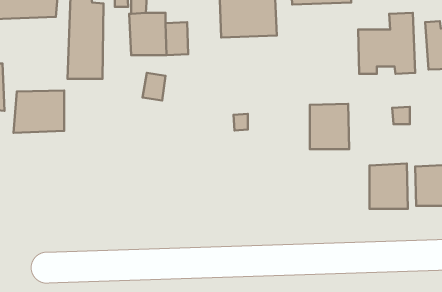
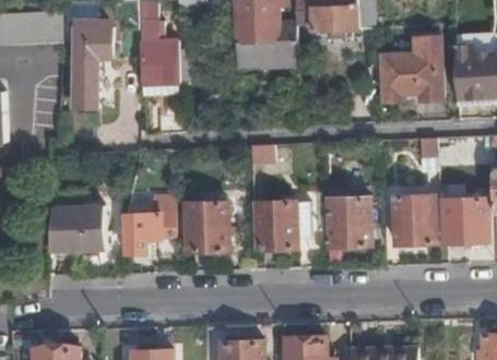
building: [14,91,64,133] -> [48,208,102,253]
building: [310,104,349,149] -> [329,199,370,247]
building: none -> [129,196,176,252]
building: none -> [188,203,227,251]
building: none -> [257,203,297,251]

